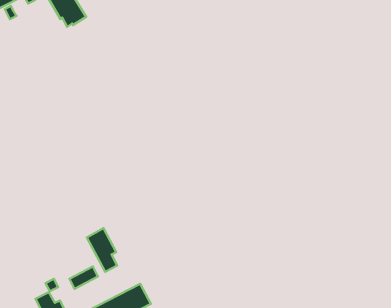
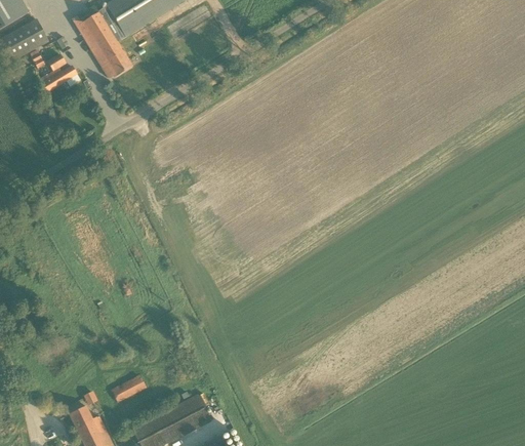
building: none -> [39,55,76,93]
building: [87,228,117,272] -> none

